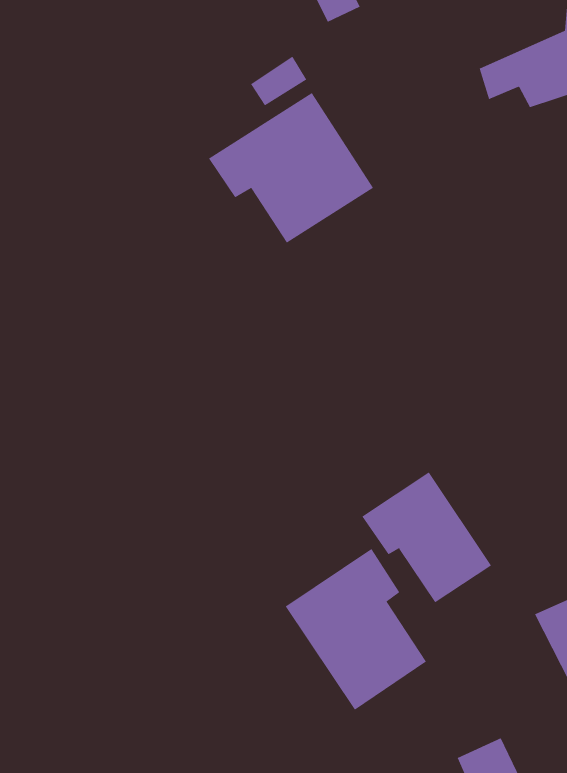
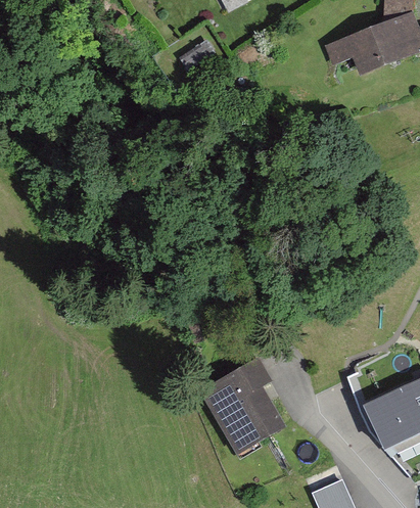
building: [208,92,374,244] -> none
building: [361,472,492,603] -> none

